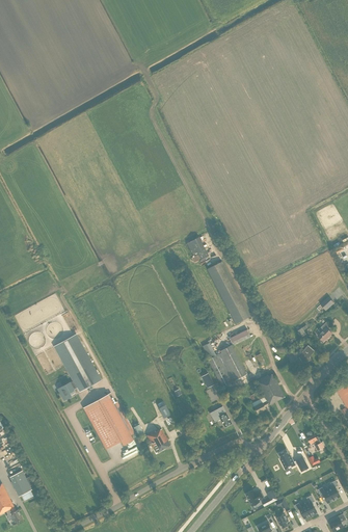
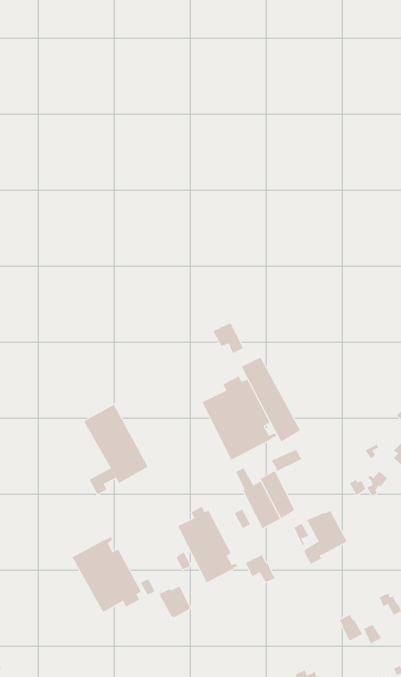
building: none -> [202,375,277,461]
building: [52,332,100,399] -> [83,404,148,495]
building: none -> [178,506,238,583]

